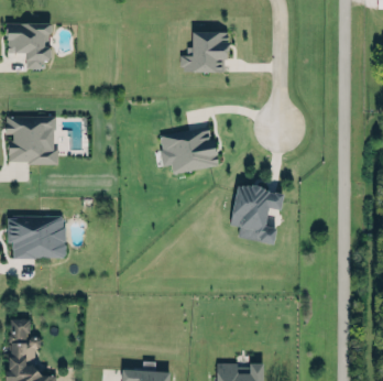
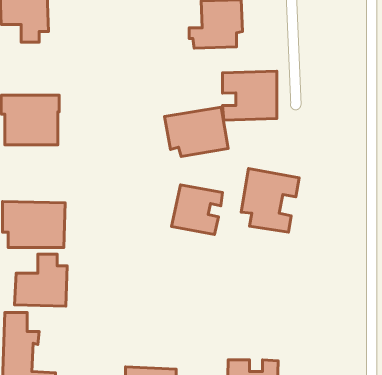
building: none -> [223,71,277,120]
building: none -> [172,185,223,235]
building: none -> [15,254,67,306]

